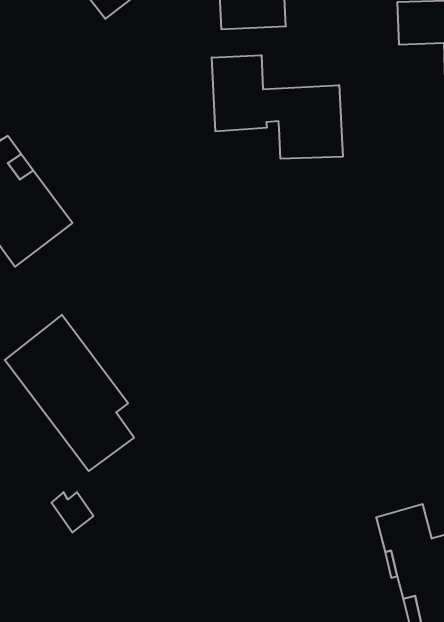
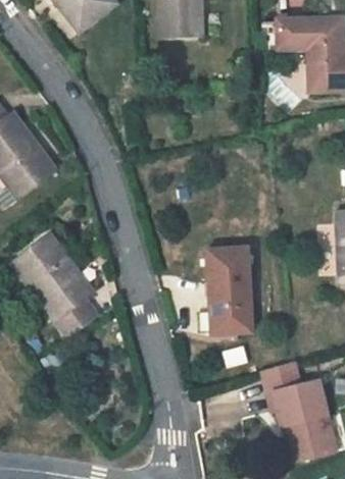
building: [212,55,343,159] -> none
building: none -> [206,246,253,334]

